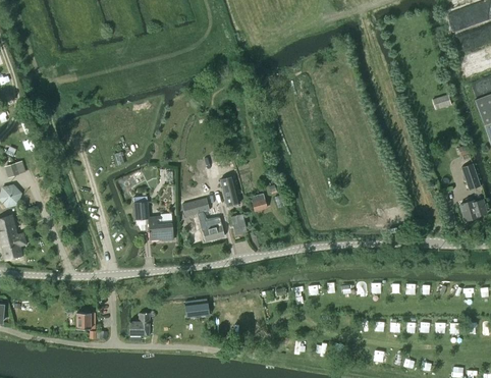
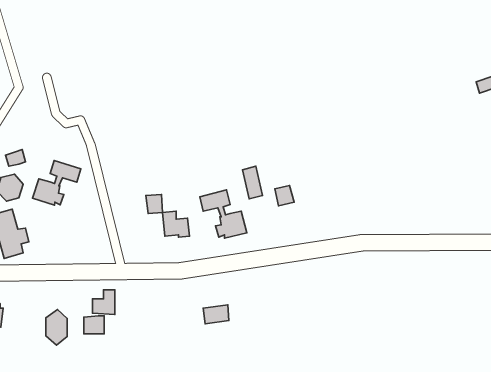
building: none -> [32,160,81,205]
building: none -> [46,310,67,345]
building: [129,312,150,334] -> [92,290,115,314]

